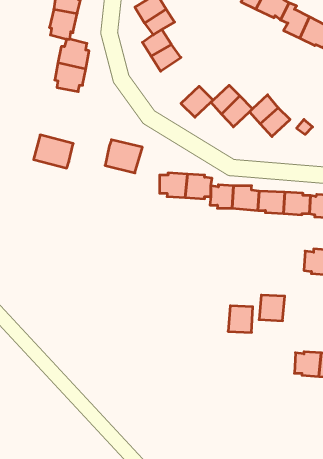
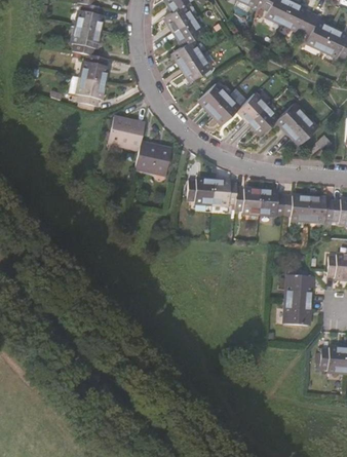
building: none -> [197,82,226,111]
building: [34,135,73,168] -> [108,120,146,152]
building: [228,306,253,332] -> [285,270,309,296]

